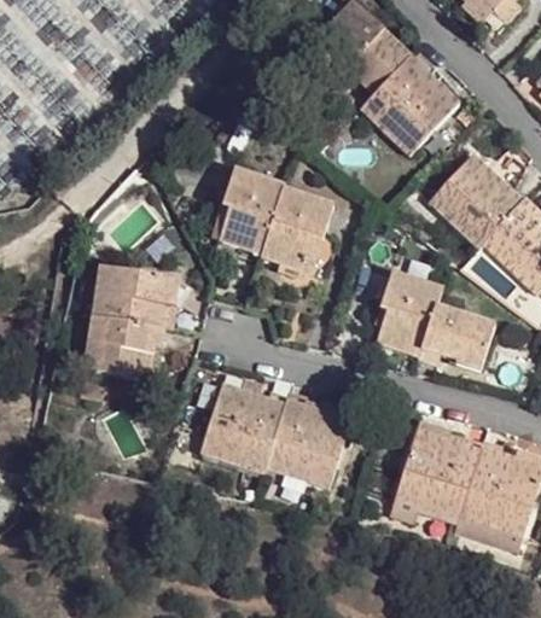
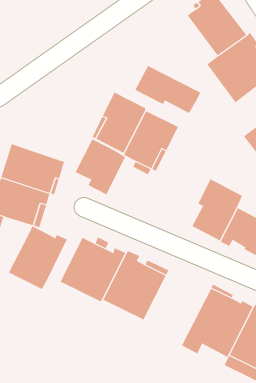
building: none -> [134,65,201,114]
building: none -> [75,139,126,195]
building: none -> [8,226,68,290]

